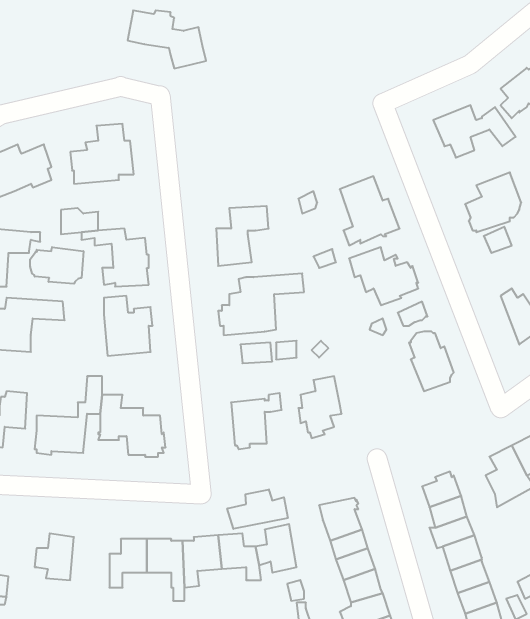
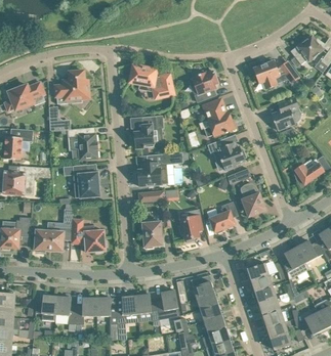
building: [128,10,206,68] -> [130,65,173,97]
building: none -> [192,71,217,101]
building: [30,247,83,284] -> none
building: none -> [206,202,238,233]
building: [227,489,288,529] -> none
building: none -> [54,297,76,331]

